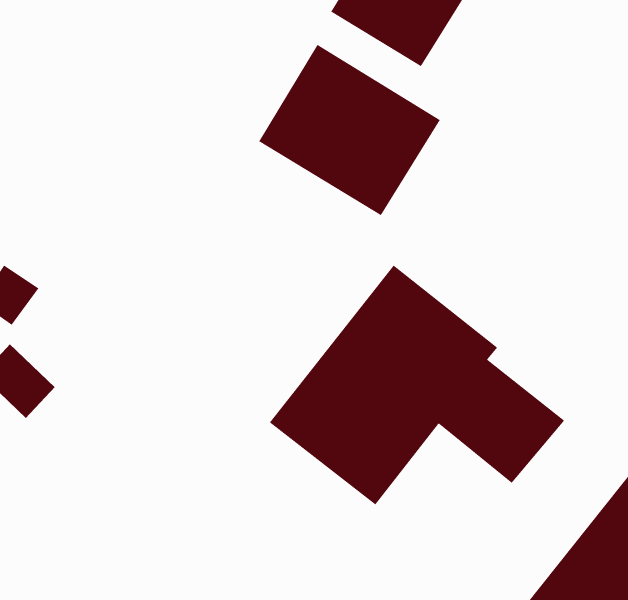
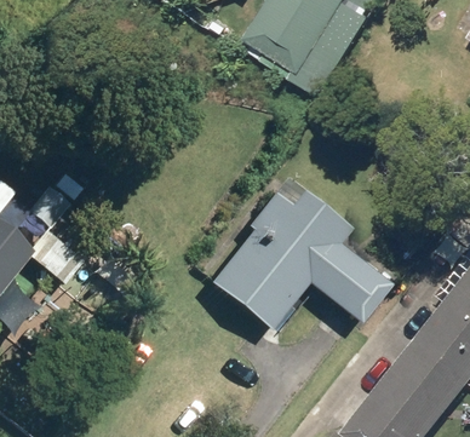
building: [258,44,441,216] -> none

